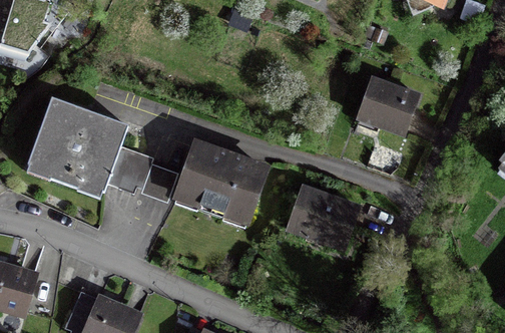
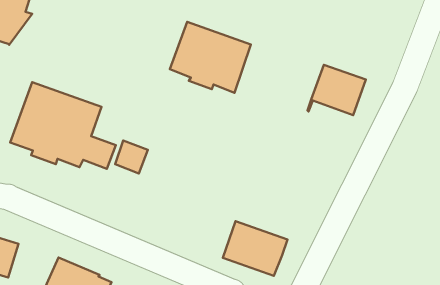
building: [175,143,265,222] -> [170,22,251,93]
building: [287,188,358,248] -> [223,221,288,276]

